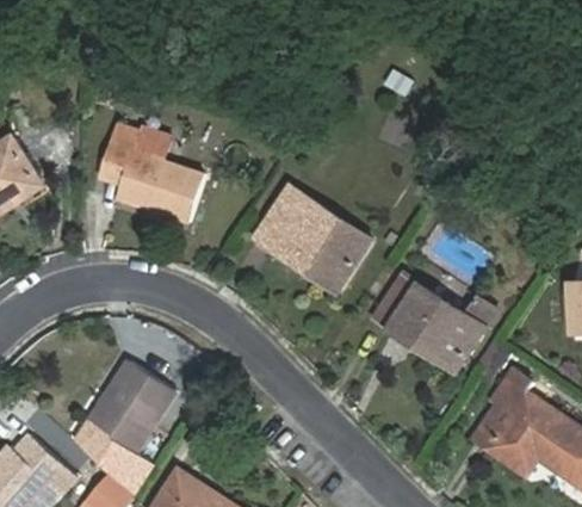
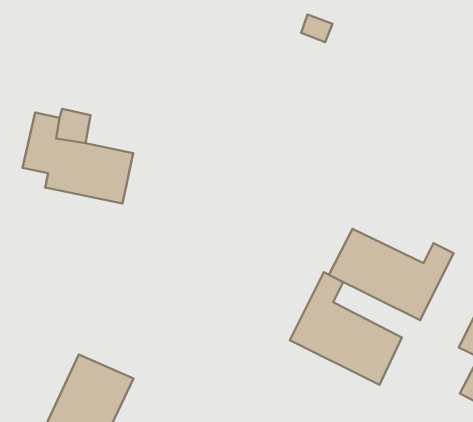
building: [273,187,370,292] -> none
building: none -> [290,272,402,385]

